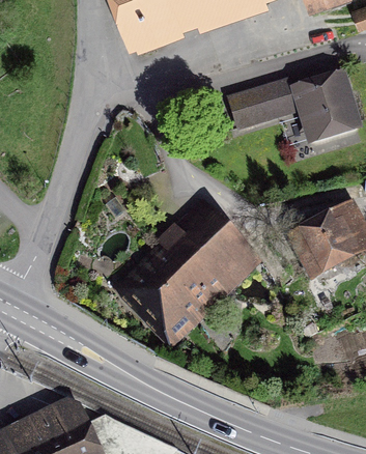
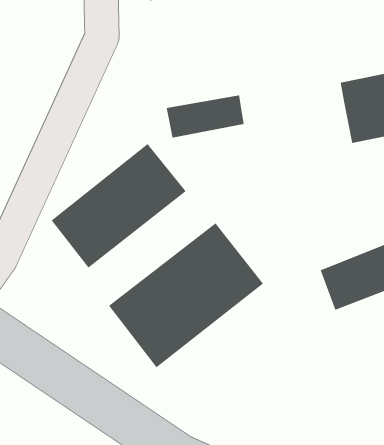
building: [234,83,299,123] -> [166,95,245,138]
building: none -> [51,143,186,268]

